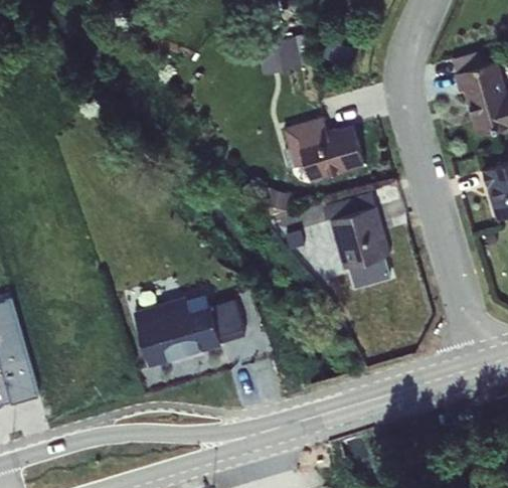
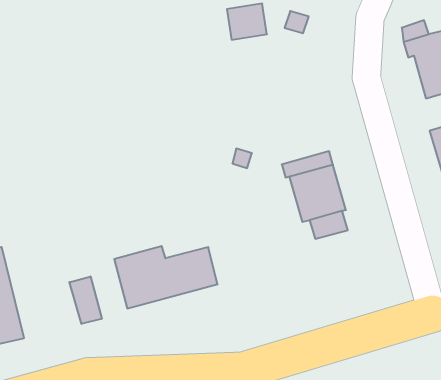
building: [282,119,364,183] -> none
building: none -> [69,276,102,324]

